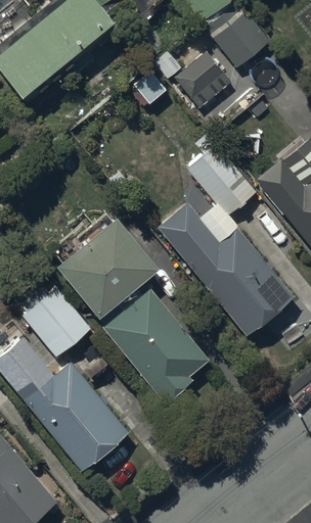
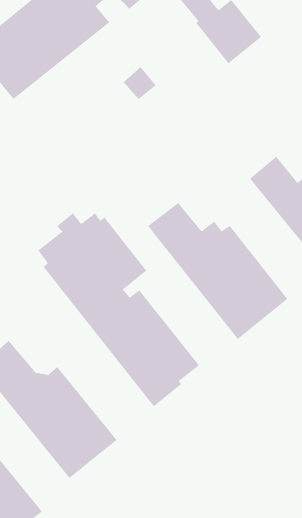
building: [176,53,233,109] -> none
building: [188,135,257,218] -> none
building: [21,288,91,359] -> none

